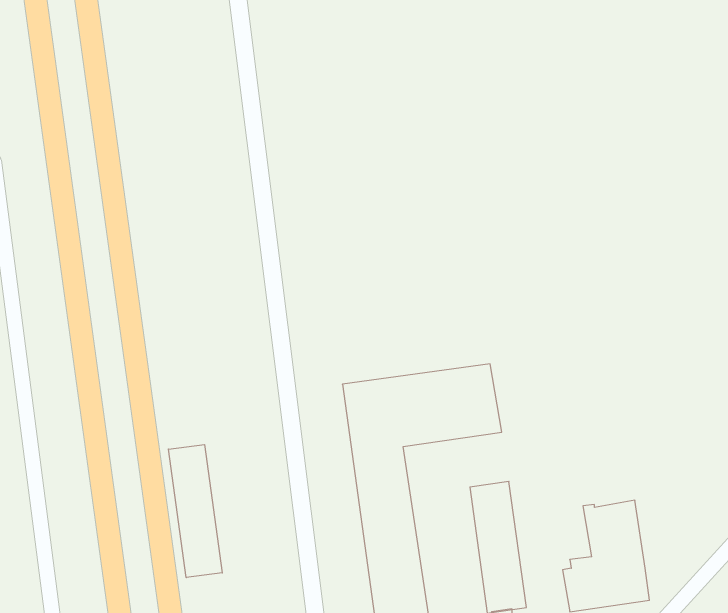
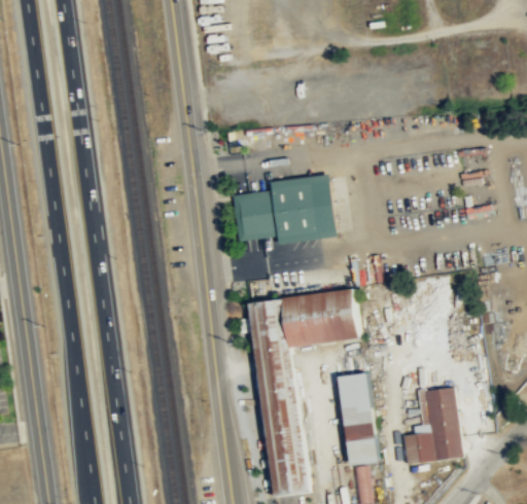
building: none -> [233,172,338,243]
building: [168,445,222,578] -> none

